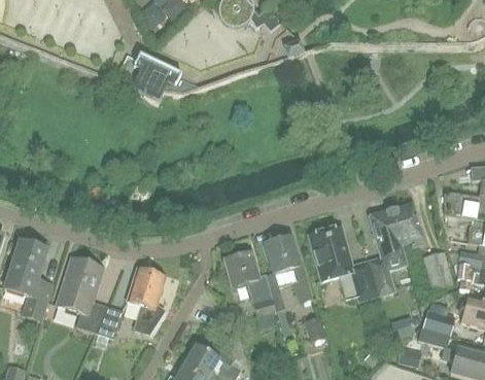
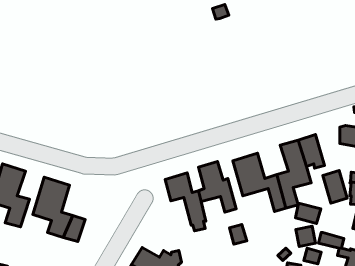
building: [134,53,197,97] -> none
building: [128,266,166,333] -> none
building: [422,307,454,333] -> [295,203,321,224]

